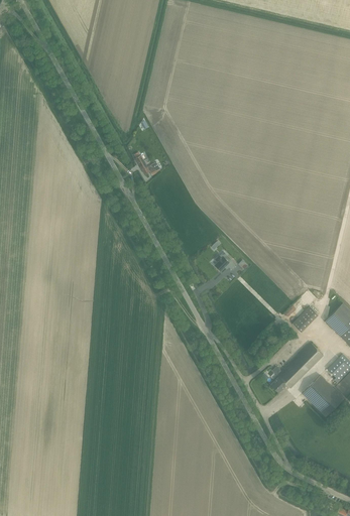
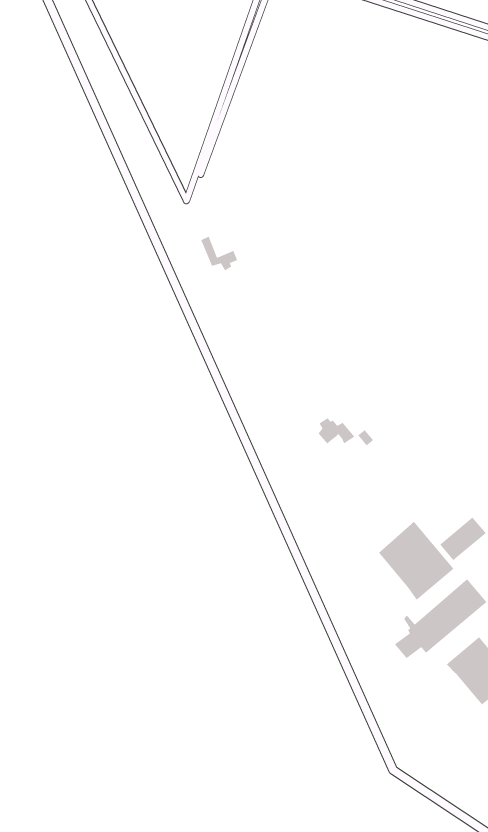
building: none -> [378,521,455,601]

